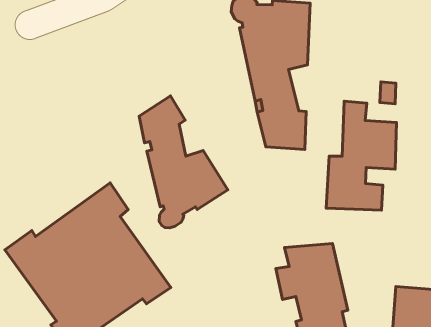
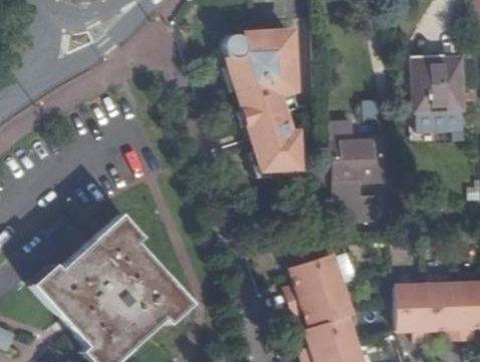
building: [139,96,228,228] -> none

